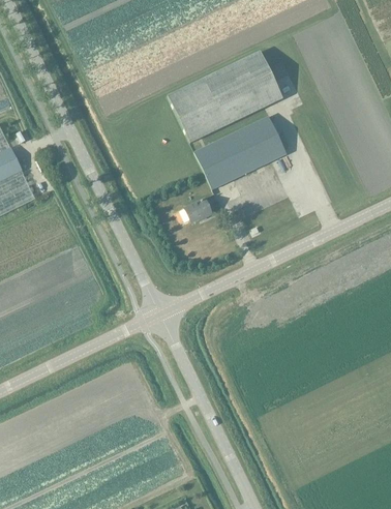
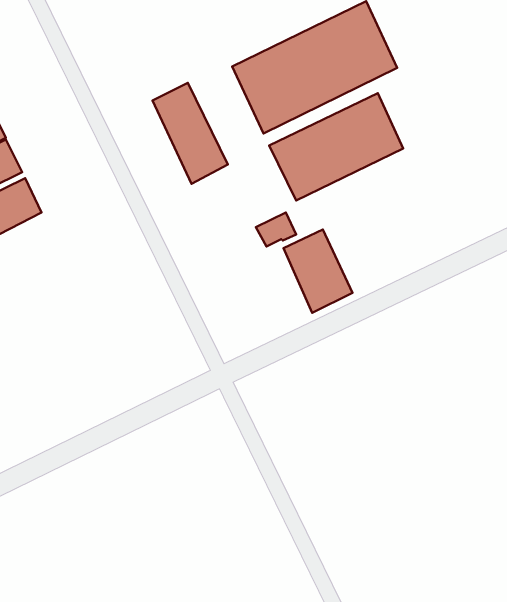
building: none -> [152,83,228,184]
building: none -> [284,229,352,313]

